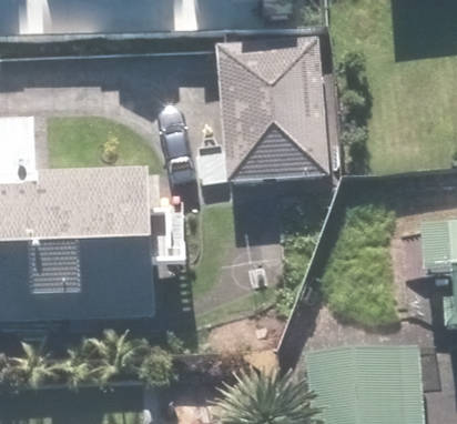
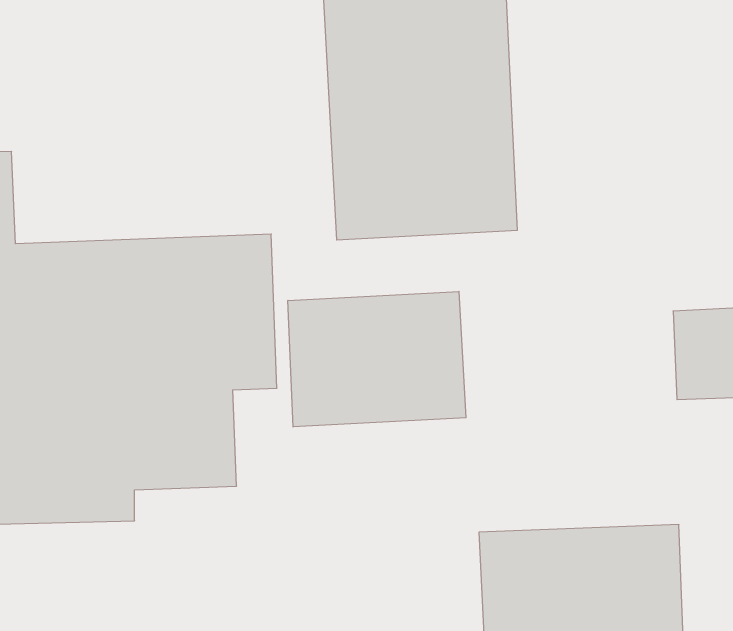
building: none -> [288,291,466,427]

